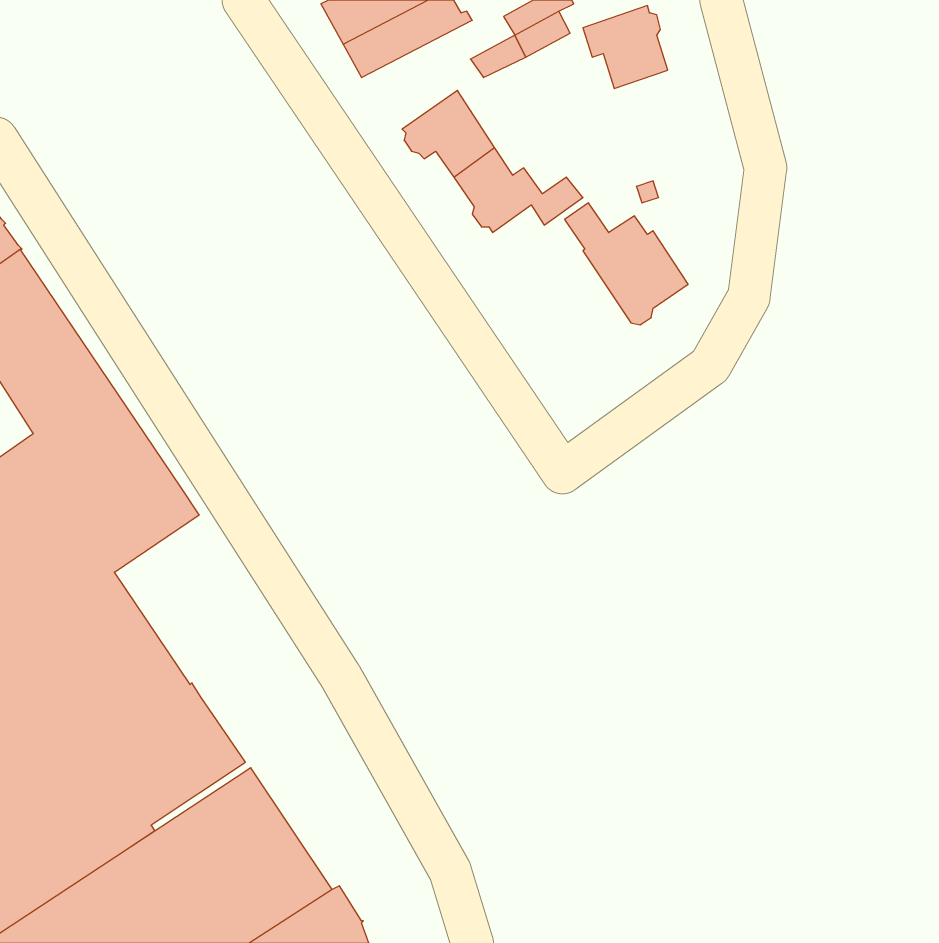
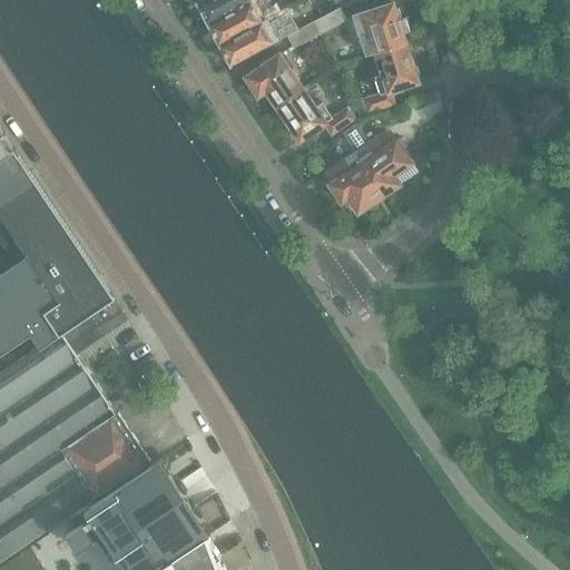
building: none -> [218,12,288,65]
building: none -> [358,42,417,111]
building: none -> [322,151,381,212]

